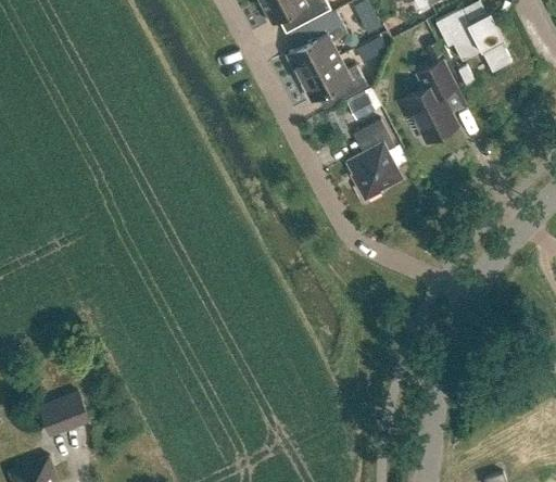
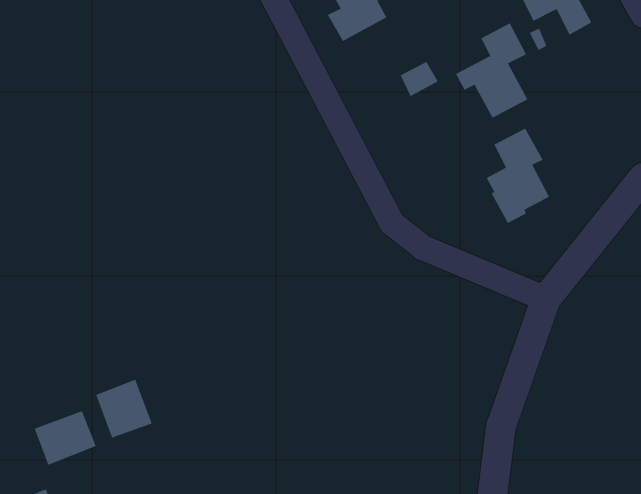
building: [300,56,367,102] -> none
building: [346,119,401,201] -> [486,128,550,224]
building: none -> [96,379,153,438]

